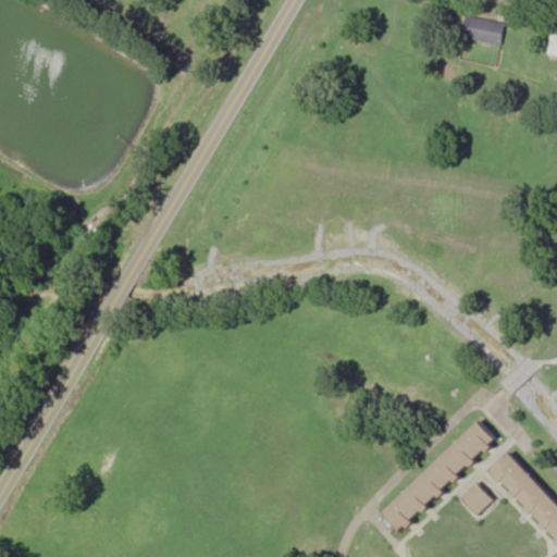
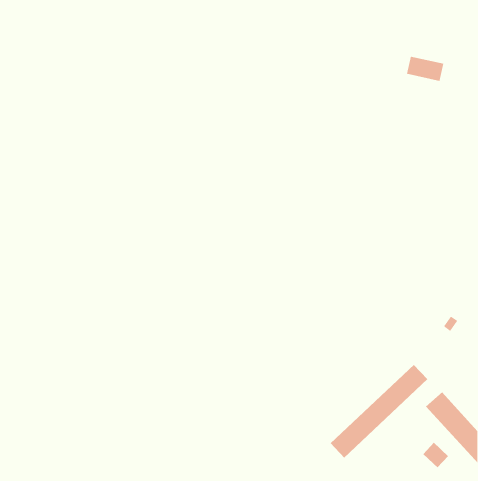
building: [460,17,504,47] -> [406,56,444,81]
building: [460,485,491,516] -> [422,442,449,468]

